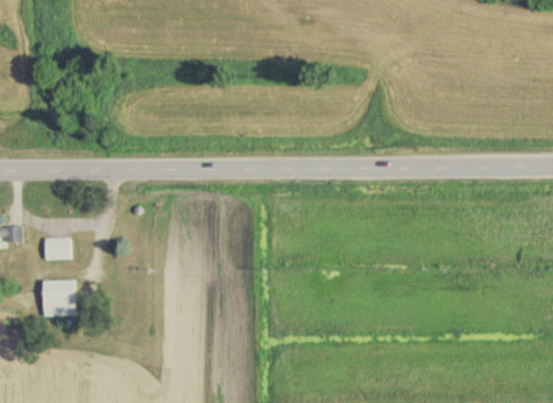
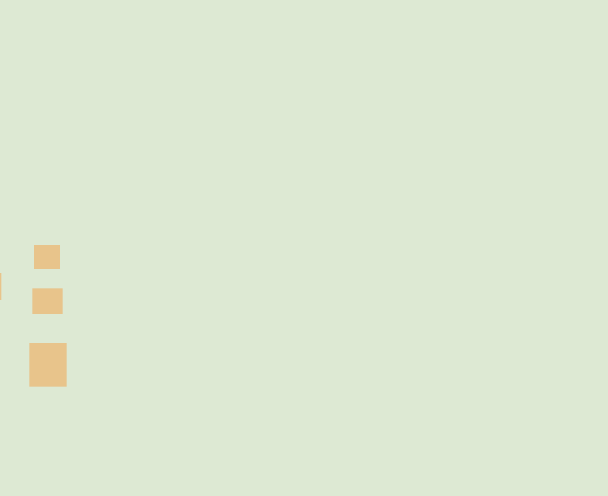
building: none -> [33,244,61,270]

